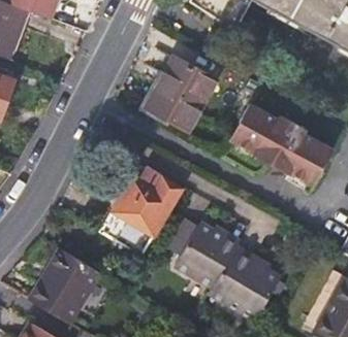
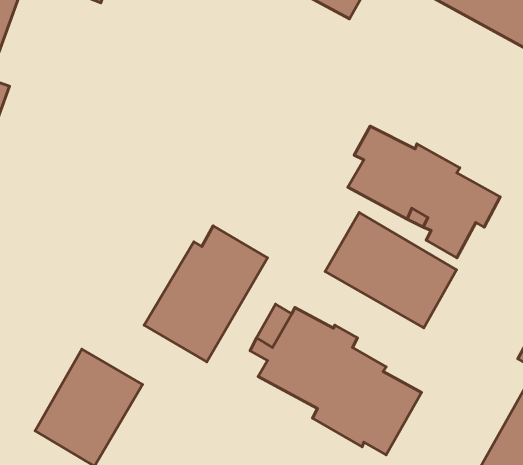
building: [146,45,214,127] -> none
building: none -> [325,212,457,328]

